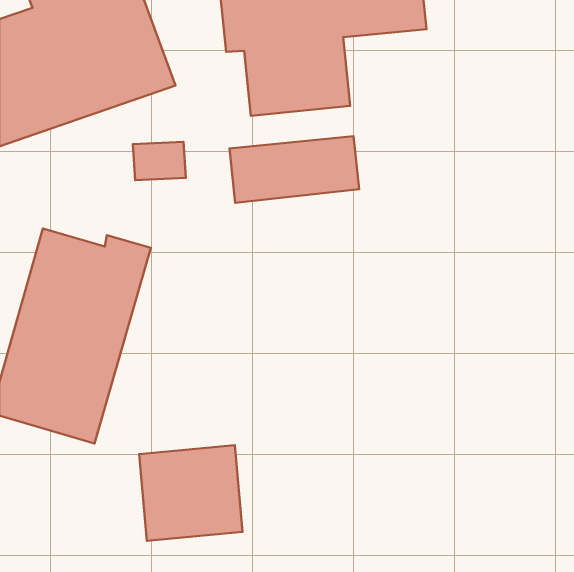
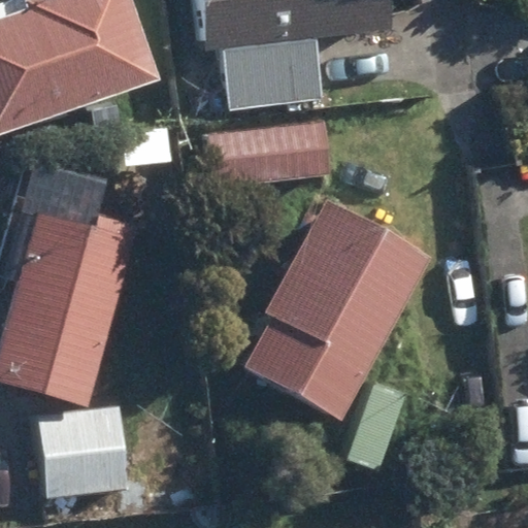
building: none -> [245,199,431,420]
building: [139,445,243,541] -> [32,409,127,497]

